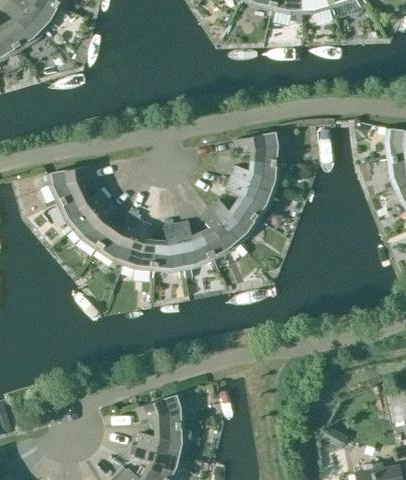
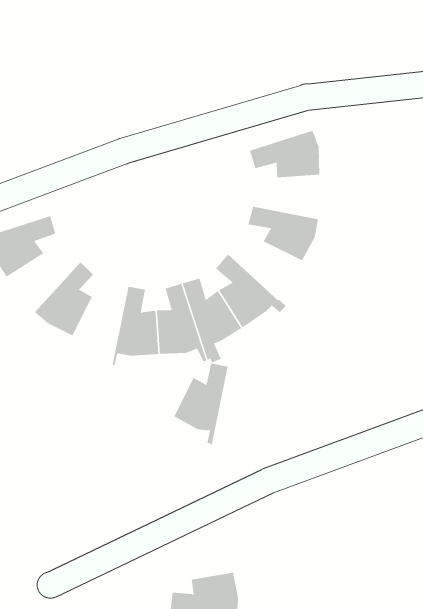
building: [229,160,278,192] -> none
building: [55,189,107,229] -> none
building: [208,199,264,243] -> none
building: [95,216,137,272] -> [173,363,229,445]
building: [134,393,183,425] -> none

